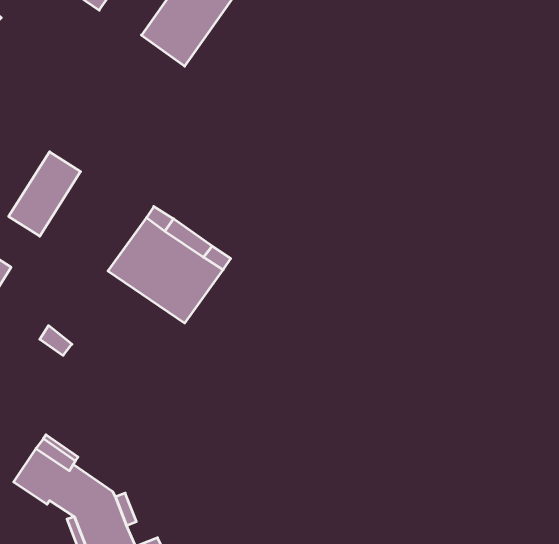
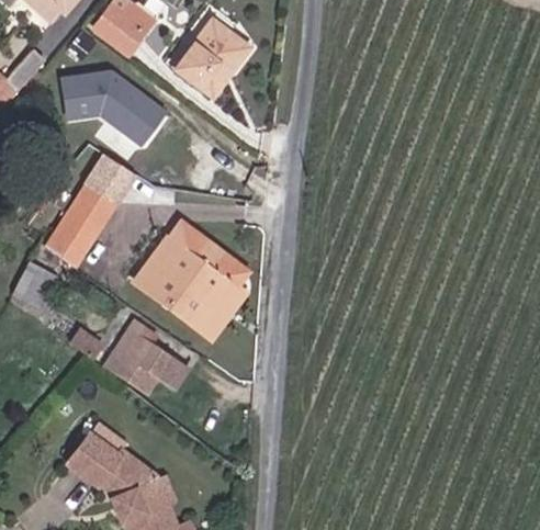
building: none -> [63,68,170,145]
building: none -> [88,156,132,199]
building: none -> [111,323,192,395]

